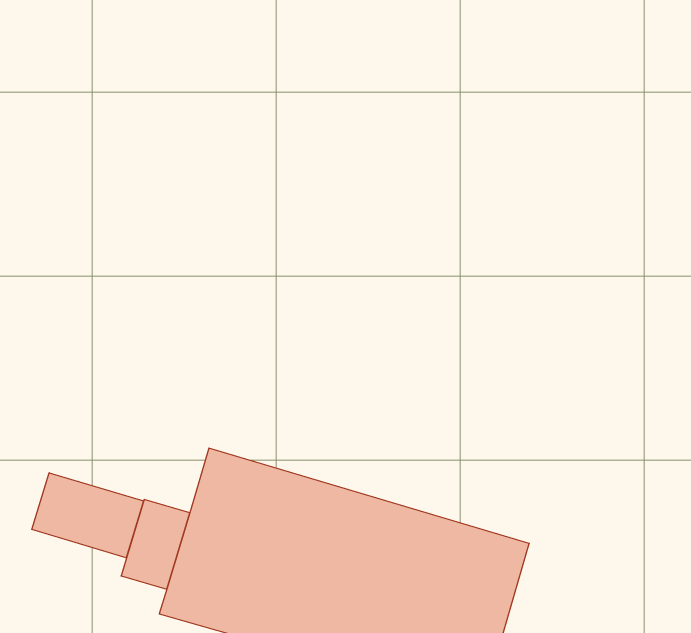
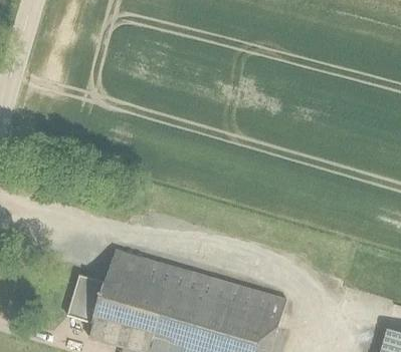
building: [32,473,144,558] -> none

